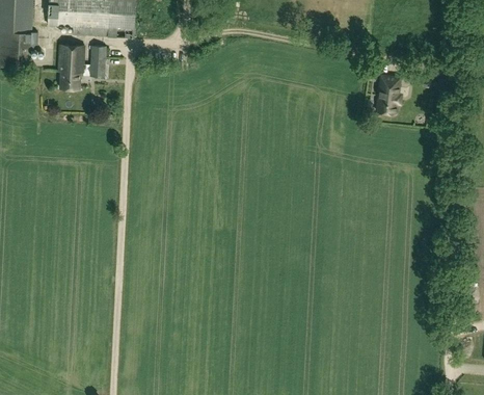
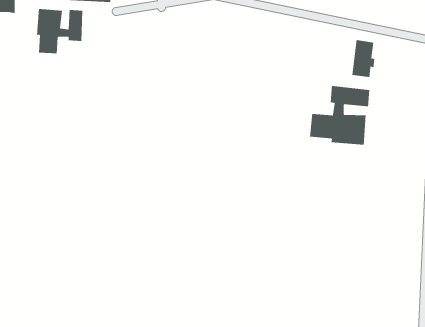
building: none -> [310,85,370,145]

